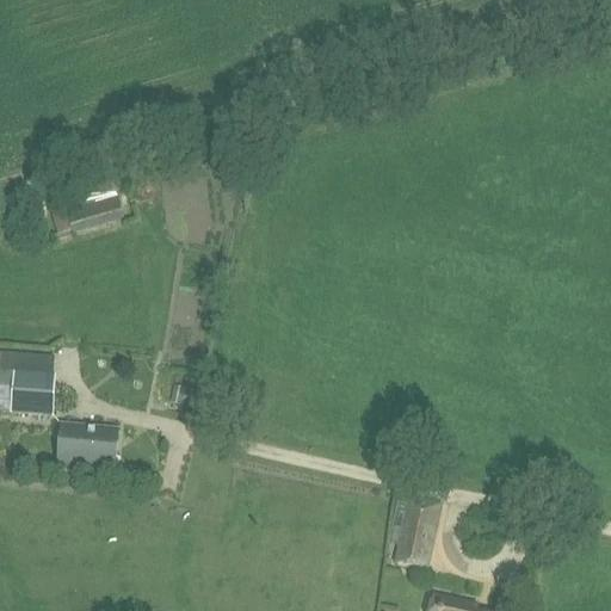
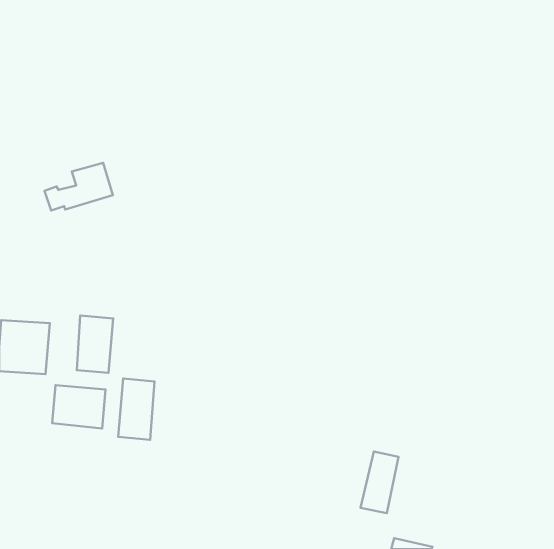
building: none -> [77,315,113,373]
building: none -> [118,379,154,440]

